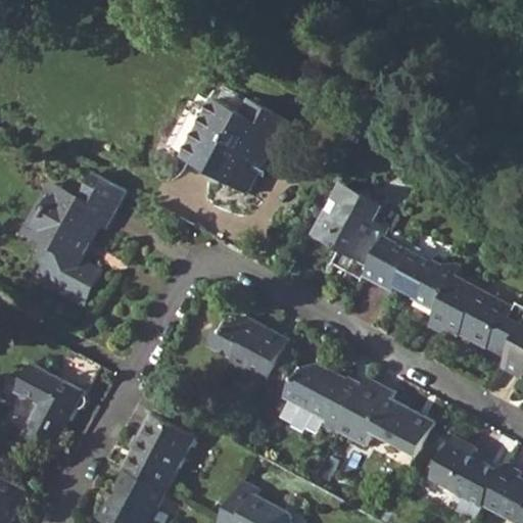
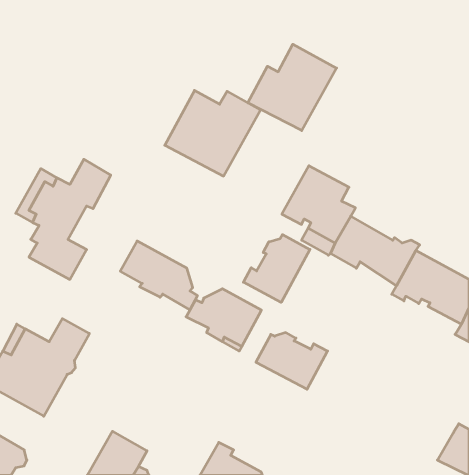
building: none -> [248,44,337,131]
building: none -> [243,235,310,302]
building: none -> [120,241,197,310]
building: [334,377,433,457] -> none
building: [122,418,192,494] -> none
building: [430,438,498,504] -> none

